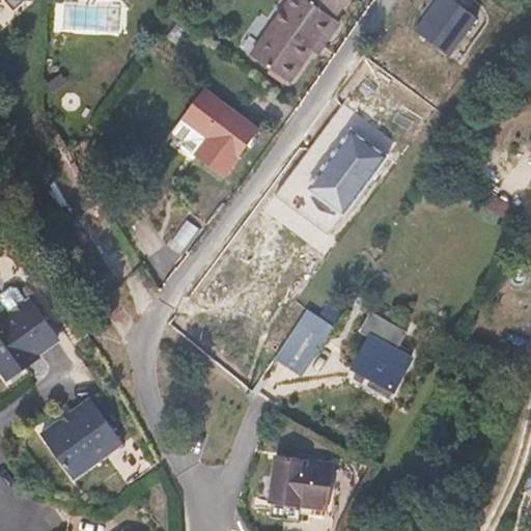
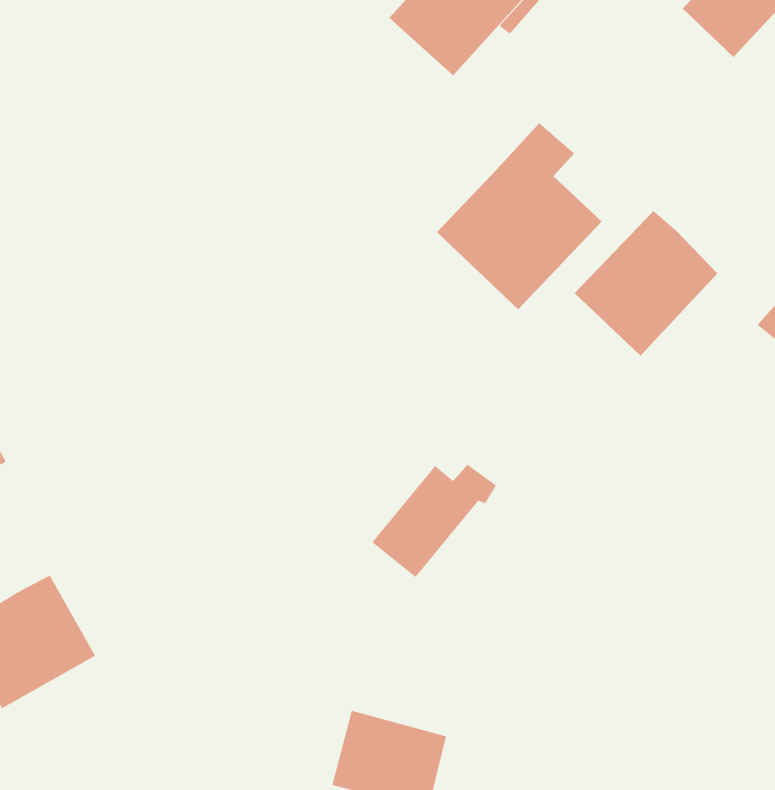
building: [181,92,257,177] -> none
building: none -> [574,210,718,357]
building: [352,312,411,390] -> none

